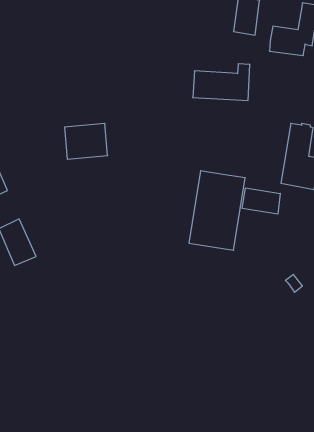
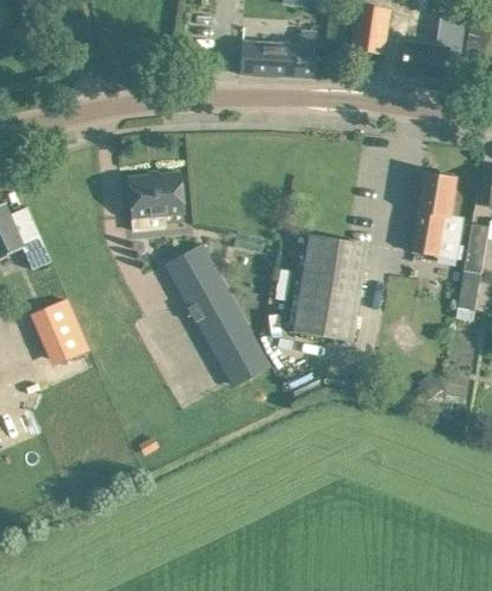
building: [193,64,250,100] -> [238,29,314,77]
building: none -> [162,243,267,382]
building: [242,188,280,214] -> none

